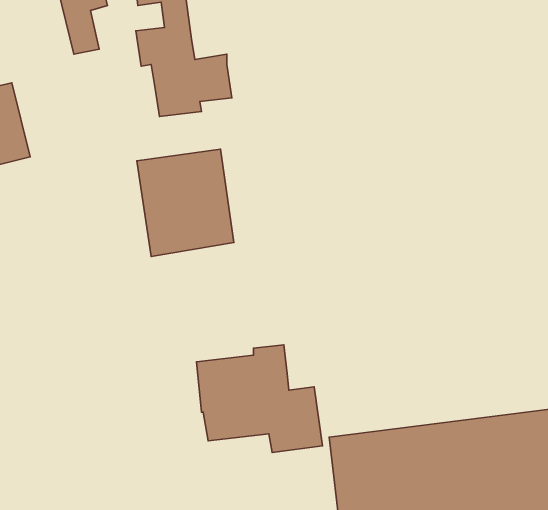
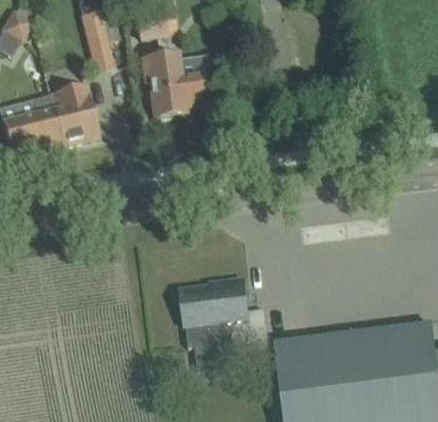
building: none -> [51,83,99,145]
building: [137,149,234,256] -> none

